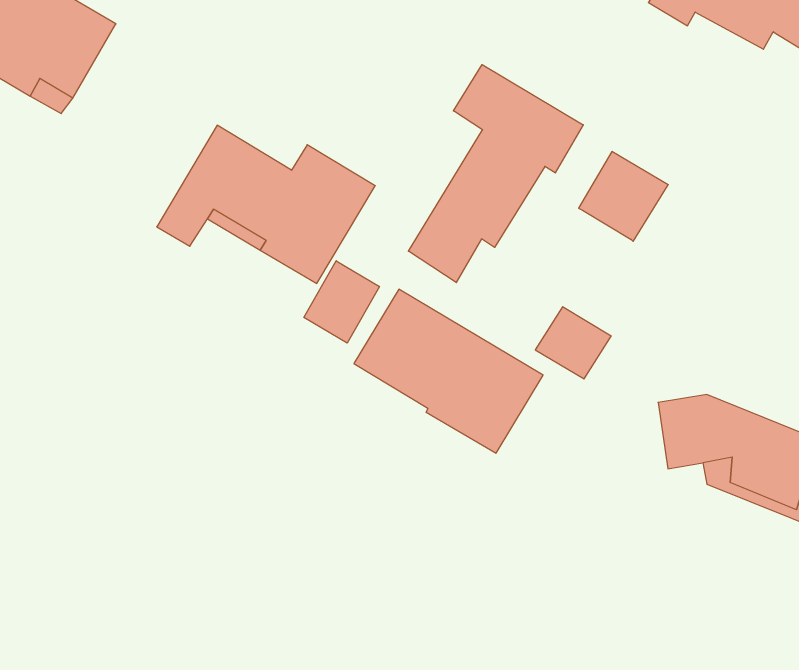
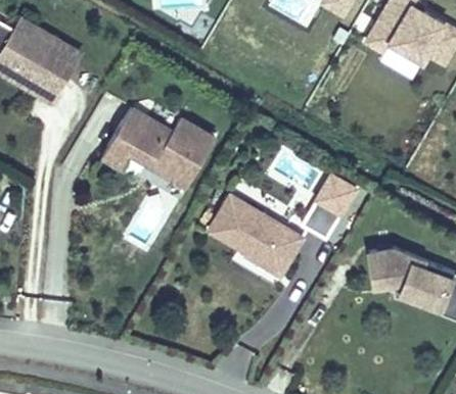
building: [408,65,583,283] -> none
building: [579,152,668,241] -> [314,169,361,216]
building: [304,261,379,343] -> none

